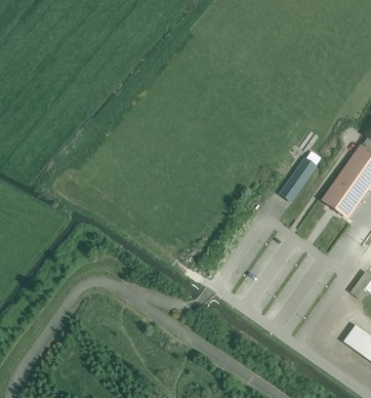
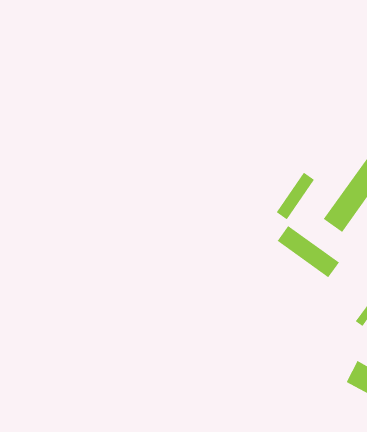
building: none -> [277,225,340,278]

